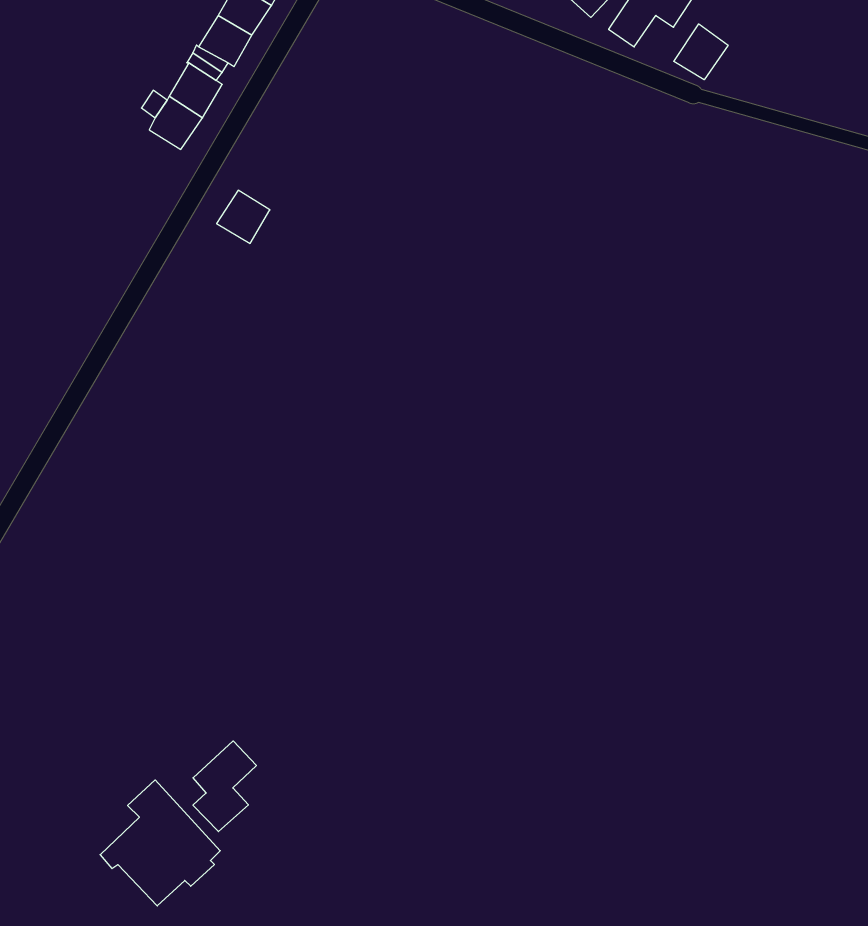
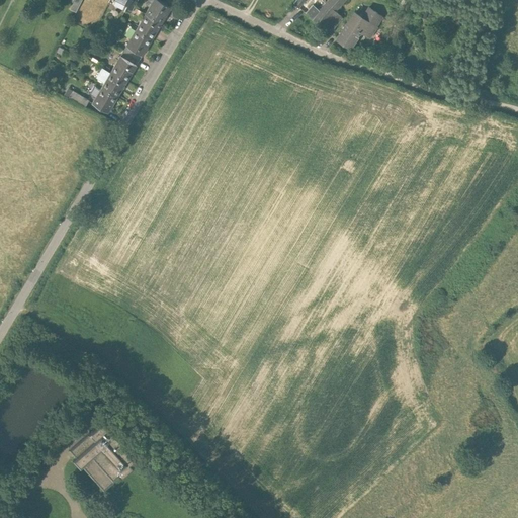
building: [674,24,728,80] -> none
building: [217,190,270,243] -> [89,90,116,117]
building: [193,741,256,832] -> none

